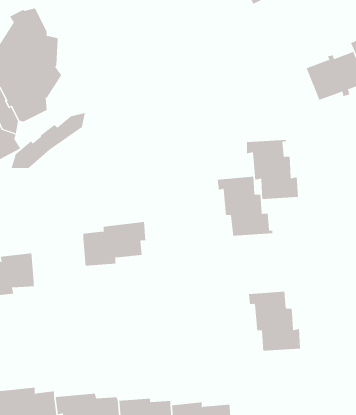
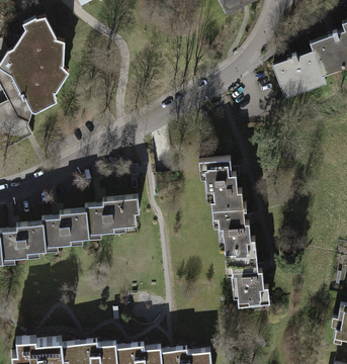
building: [11,112,86,169] -> none
building: [246,140,299,200] -> [211,205,256,256]
building: none -> [41,209,88,246]

